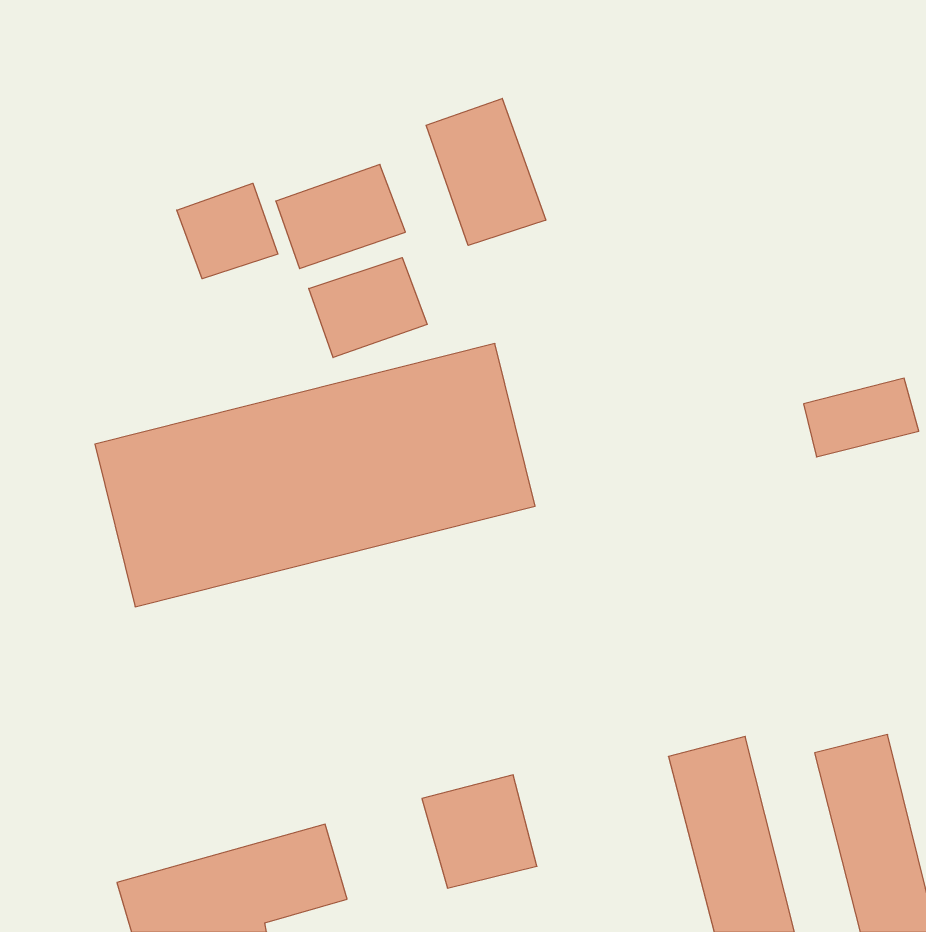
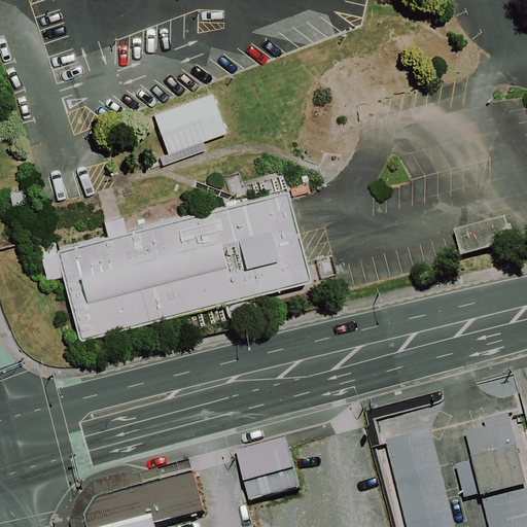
building: [426,98,546,245] -> none
building: [177,183,278,279] -> none
building: [309,258,427,358] -> none

